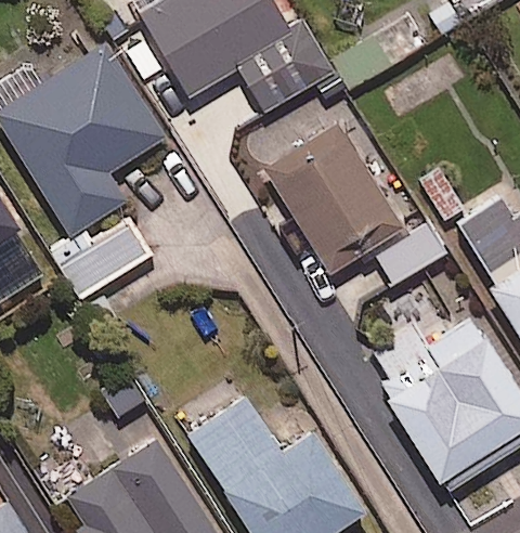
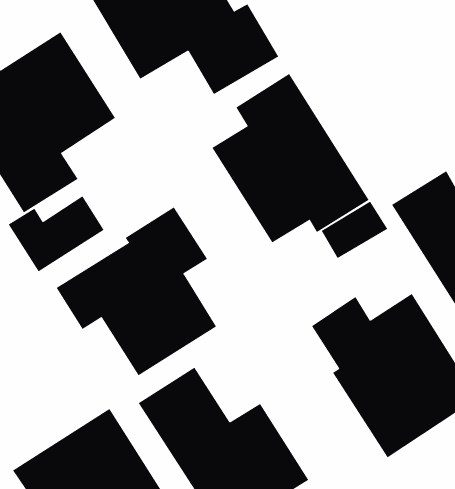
building: none -> [56,207,217,376]

